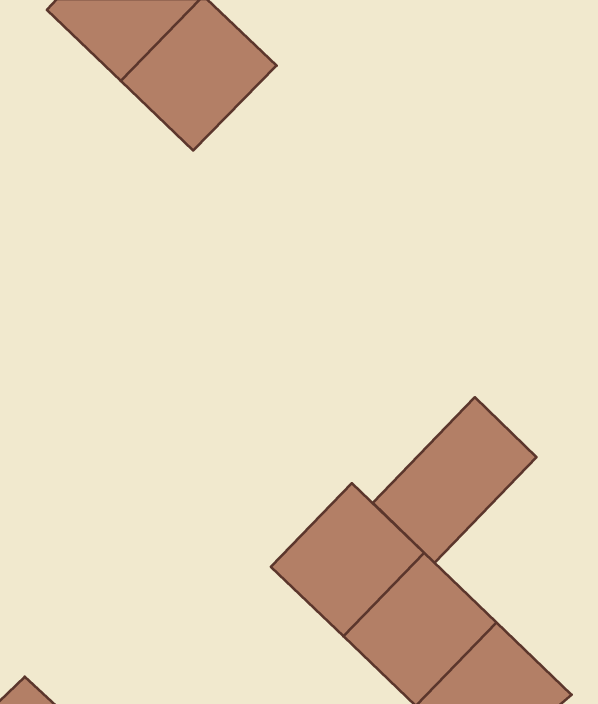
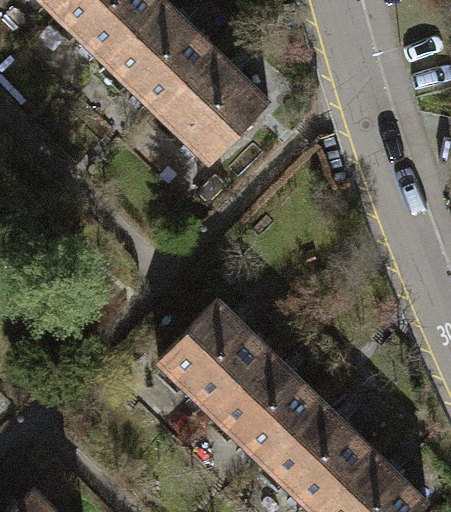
building: none -> [155,51,268,164]
building: [373,397,536,563] -> none
building: none -> [158,300,269,411]

